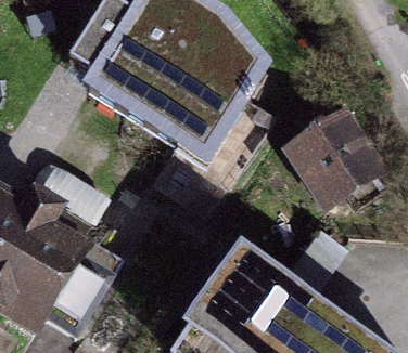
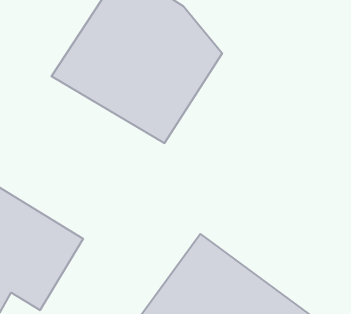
building: [286,106,377,195] -> none

